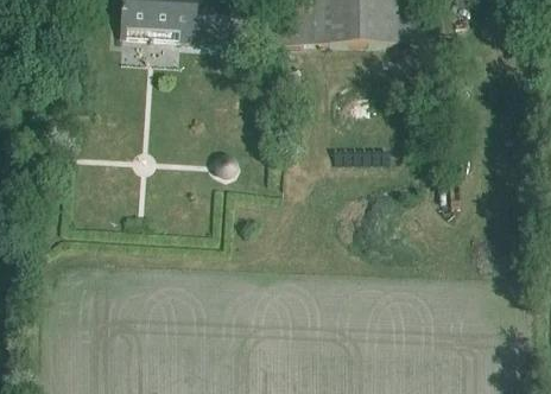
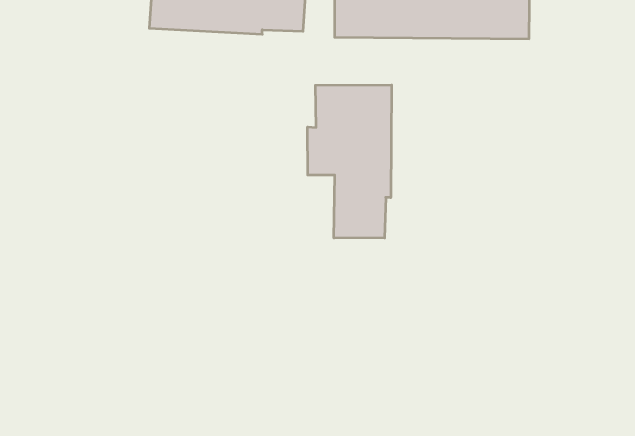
building: none -> [308,85,392,238]

